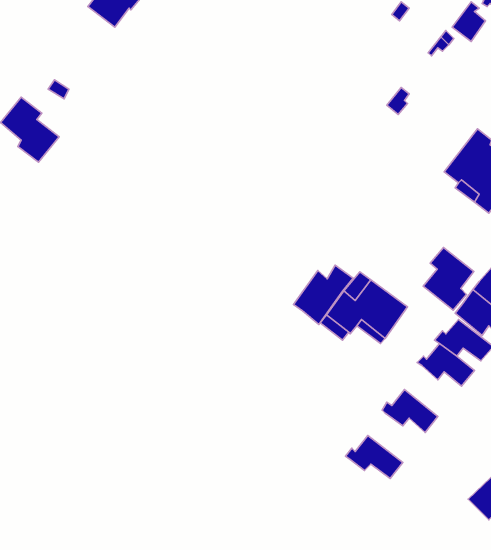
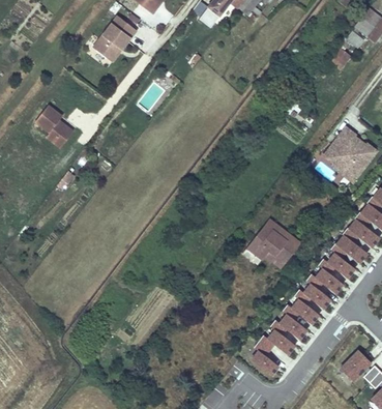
building: [423,248,474,310] -> none
building: [294,265,353,325] -> none
building: none -> [295,281,331,309]
building: none -> [271,312,308,340]
building: none -> [251,340,281,375]

